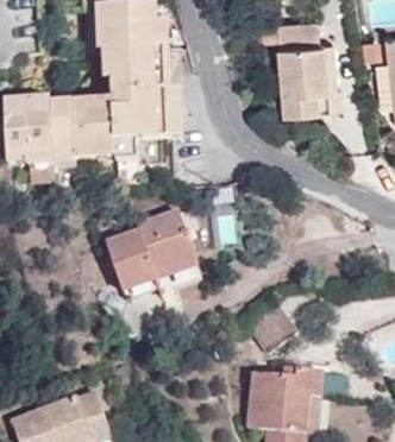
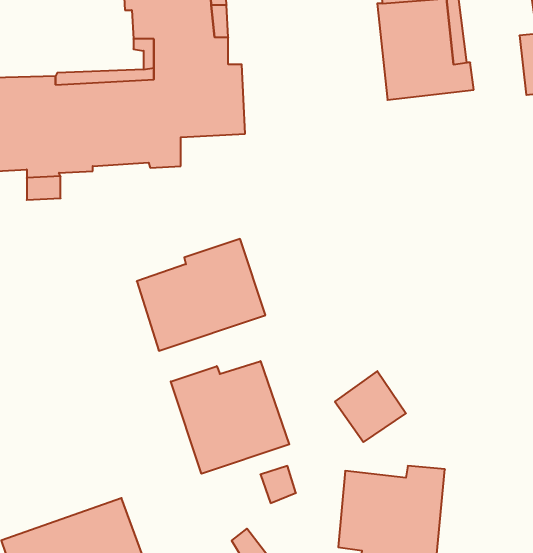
building: none -> [171,361,289,474]

